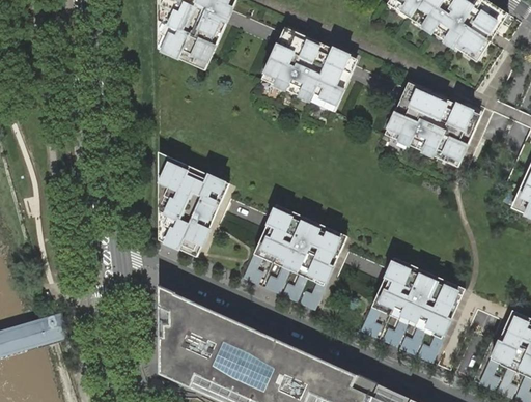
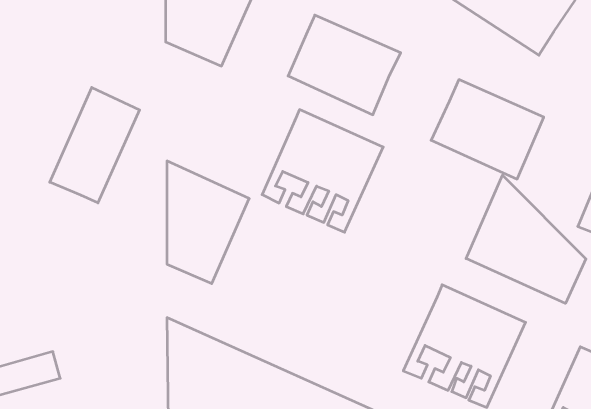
building: none -> [50,87,140,203]
building: none -> [466,175,586,303]
building: [244,204,347,309] -> [262,110,383,232]

